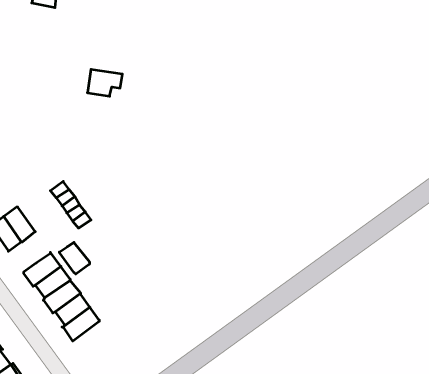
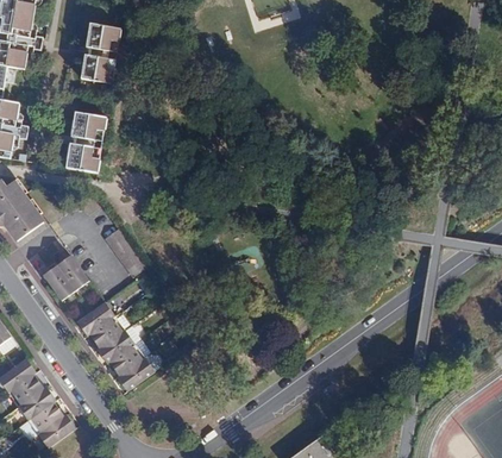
building: none -> [80,54,113,82]
building: [87,69,122,96] -> [70,111,106,138]
building: none -> [65,142,99,171]
building: [59,242,89,274] -> none

